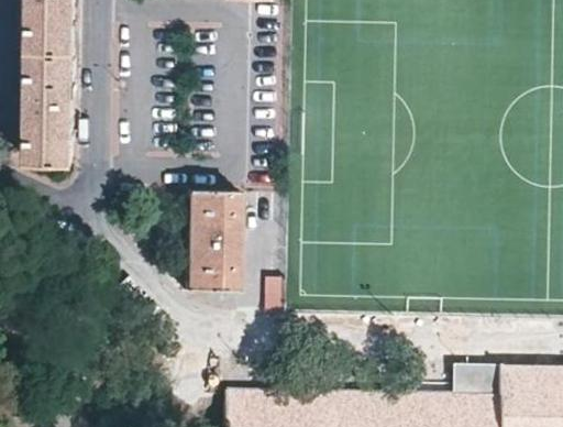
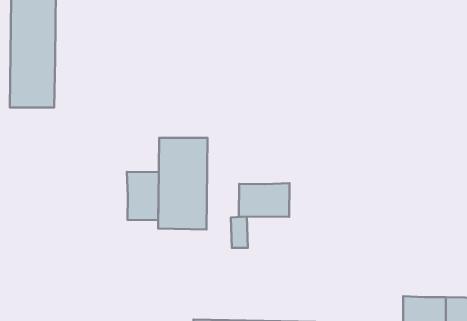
building: none -> [127,172,159,220]
building: none -> [239,183,290,217]

